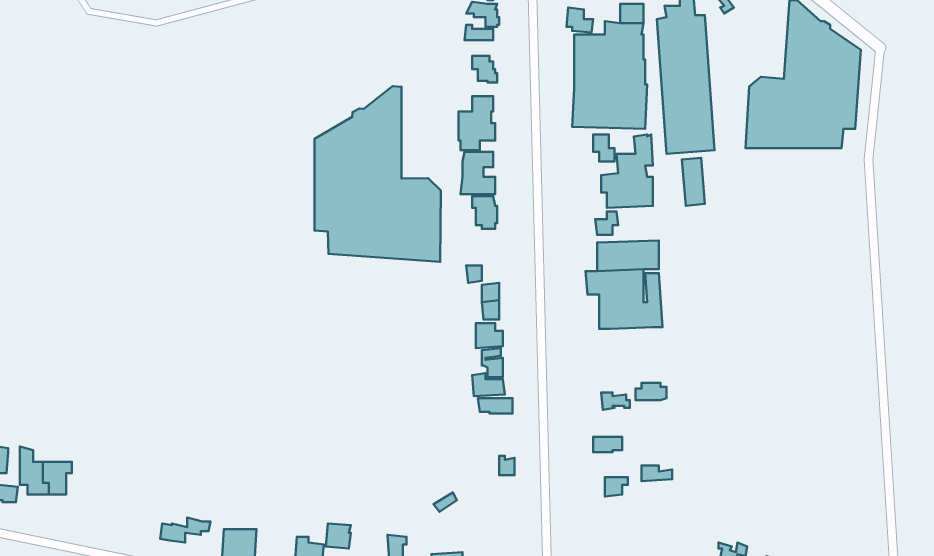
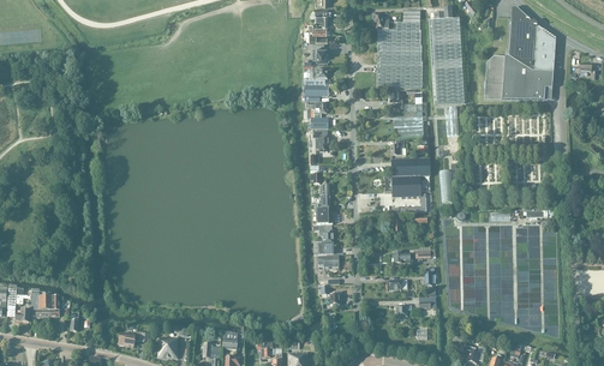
building: [315,86,441,262] -> none

